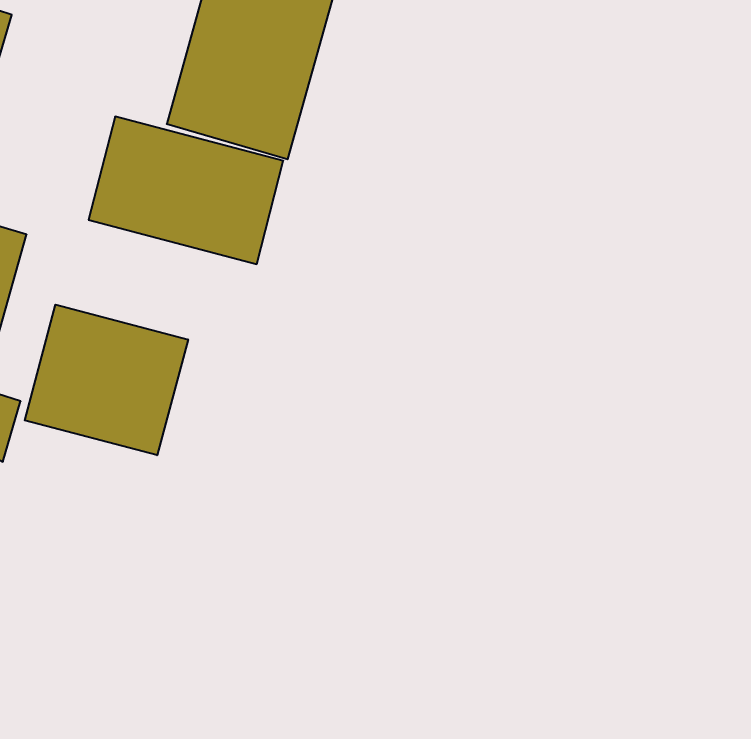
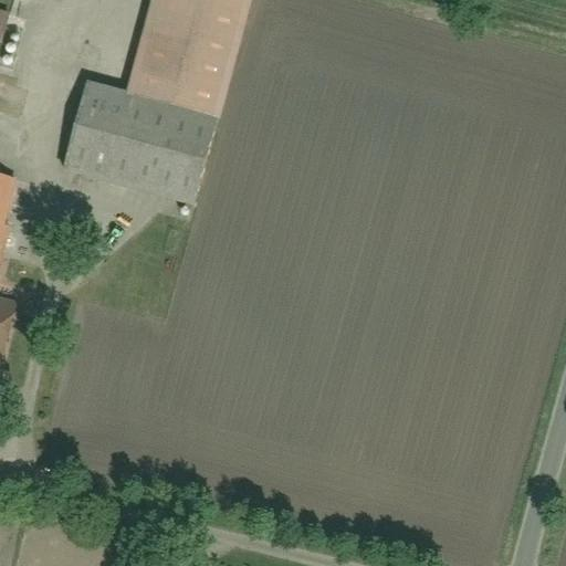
building: [25,305,188,455] -> none

